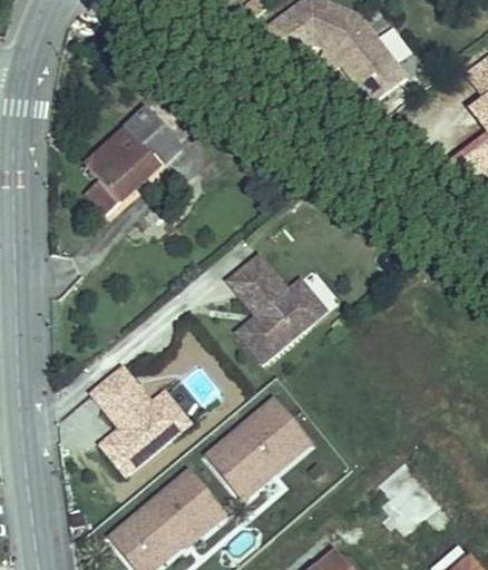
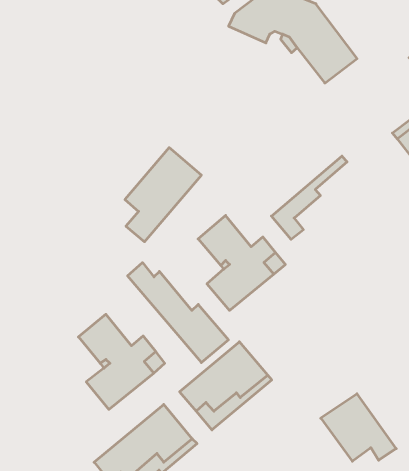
building: [87,101,174,208] -> [125,148,201,242]
building: none -> [271,156,347,239]
building: none -> [128,263,228,363]

